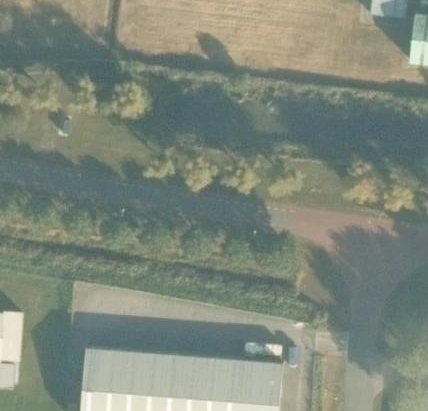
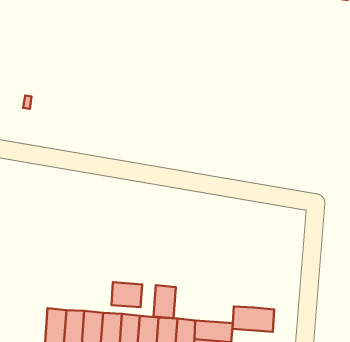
building: none -> [111,282,142,307]
building: none -> [153,285,176,318]
building: none -> [233,306,274,332]

